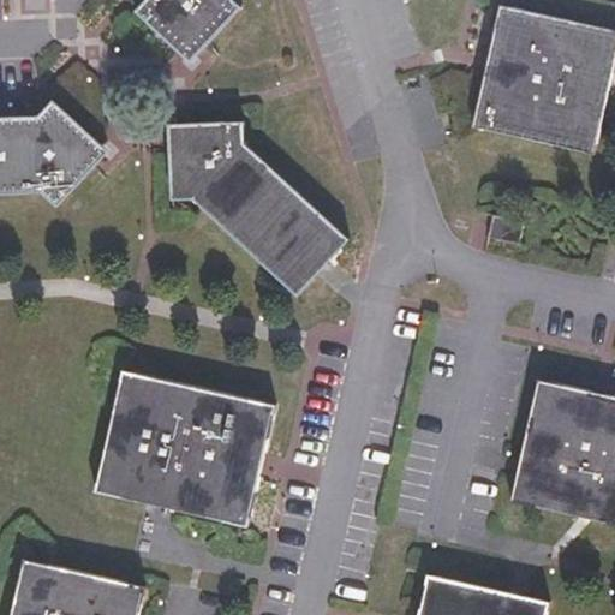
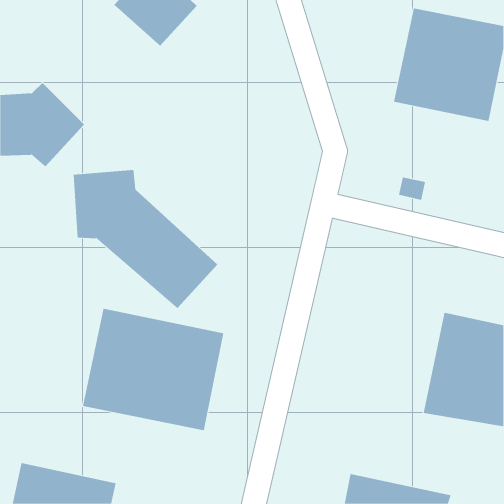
building: [168,124,345,293] -> [73,170,218,309]

